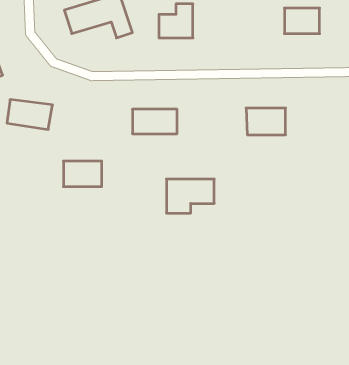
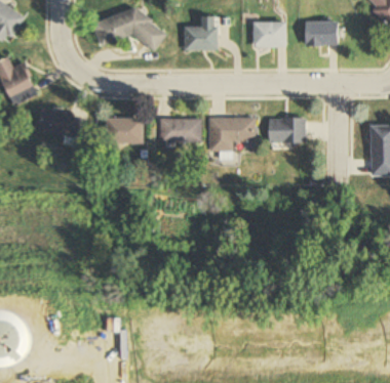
building: none -> [252,22,287,46]
building: [63,161,102,187] -> [106,118,143,142]
building: [166,179,214,213] -> [208,117,255,150]

